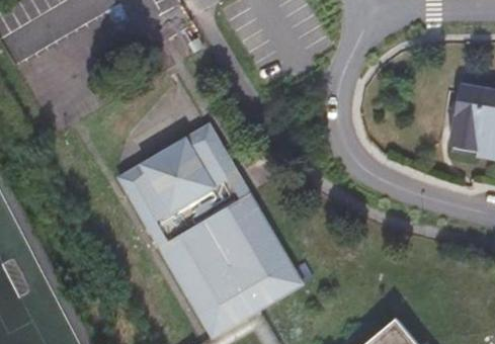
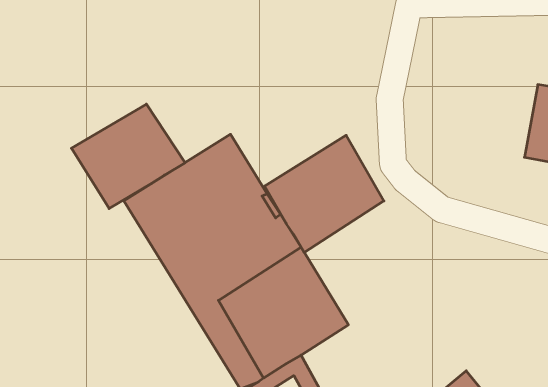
building: none -> [71,104,185,209]
building: none -> [265,135,384,252]

